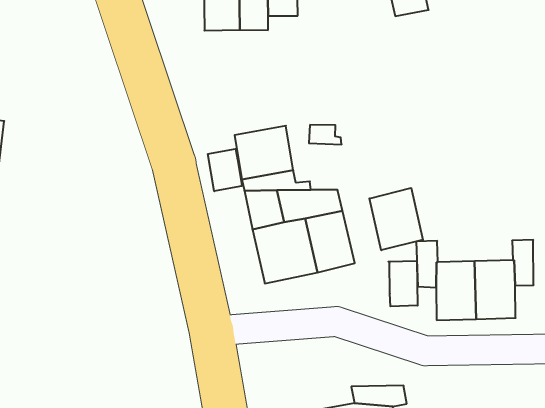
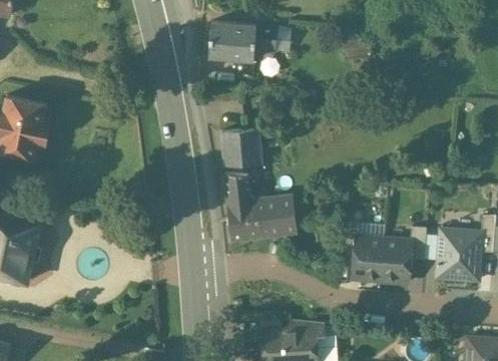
building: [208,149,243,191] -> none
building: [369,188,423,250] -> none
building: [388,261,418,306] -> none

